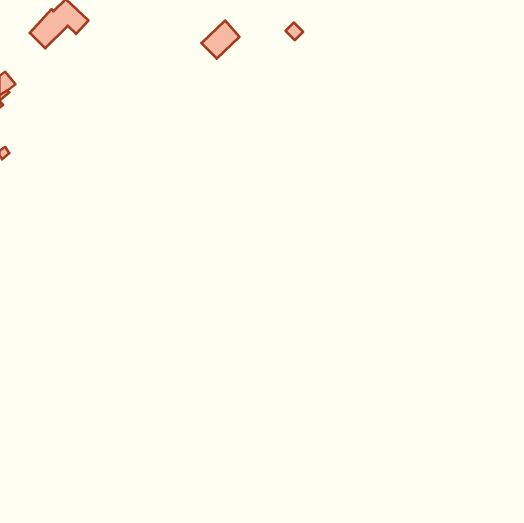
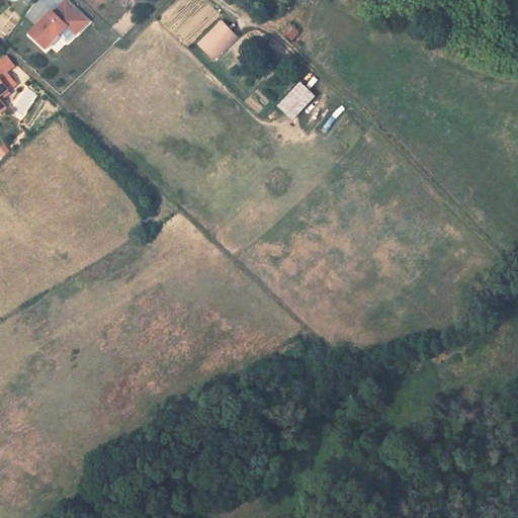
building: none -> [278,82,314,118]

